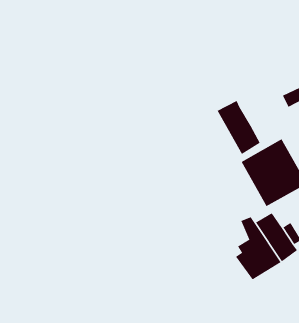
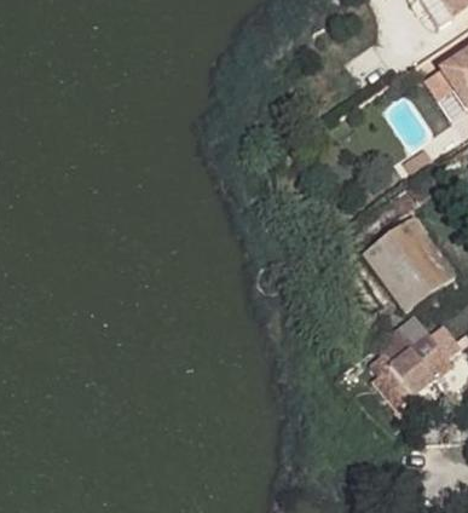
building: [217,100,261,155] -> none

